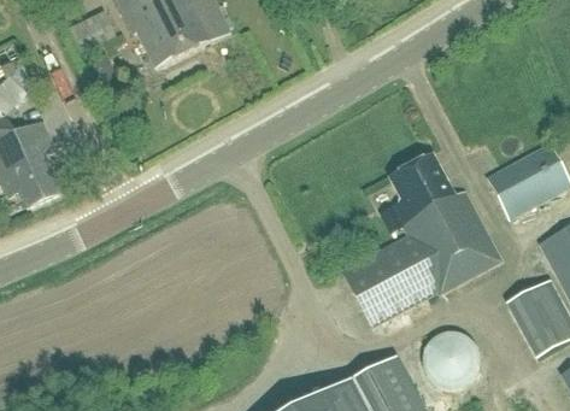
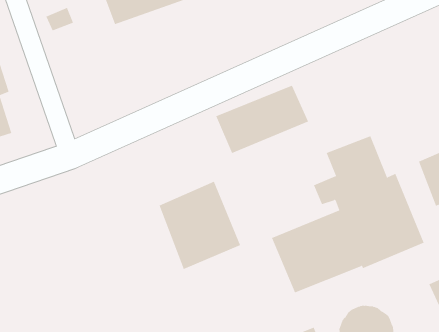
building: none -> [215,85,309,154]
building: none -> [159,181,241,270]

